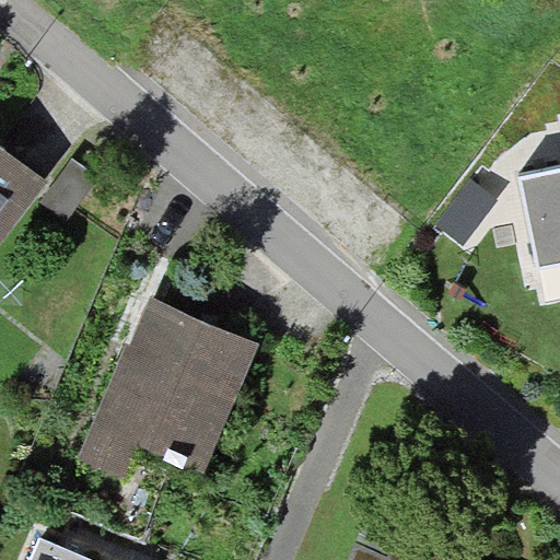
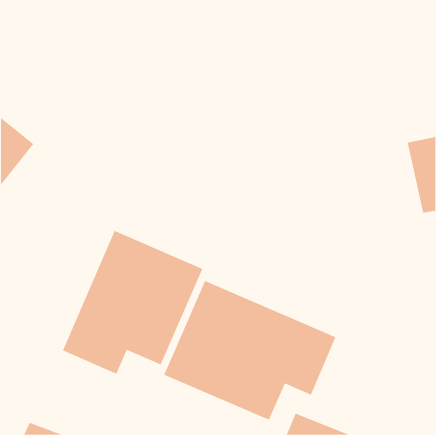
building: none -> [164,280,336,421]

